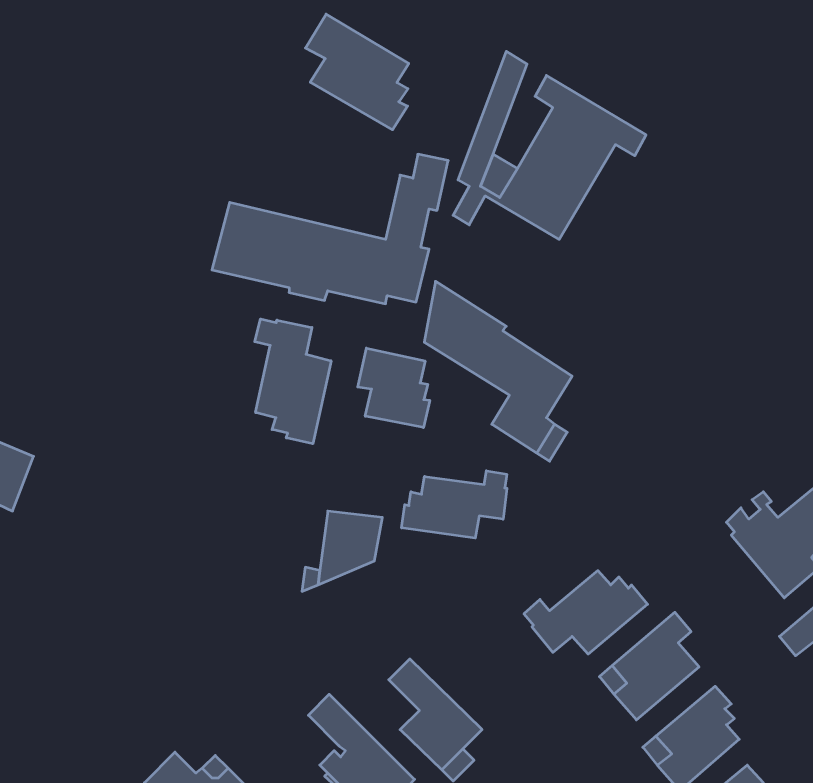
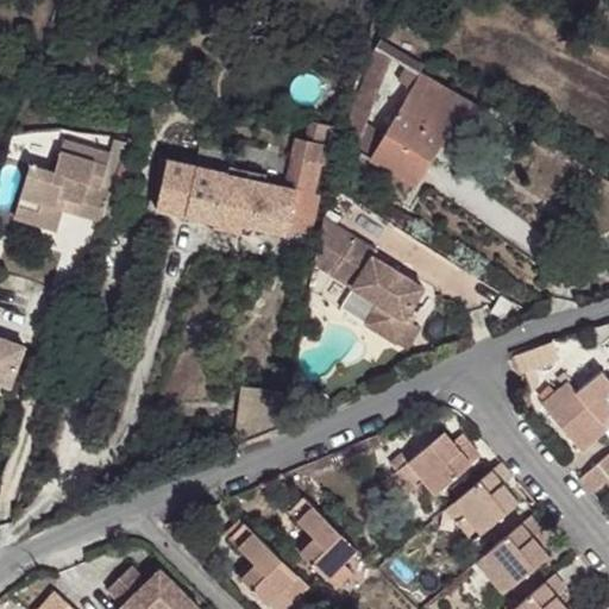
building: [305,14,409,130] -> none
building: none -> [14,139,125,231]
building: [255,319,331,444] -> none
building: [358,348,430,428] -> none
building: [402,471,507,538] -> none

